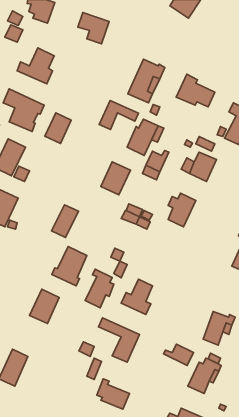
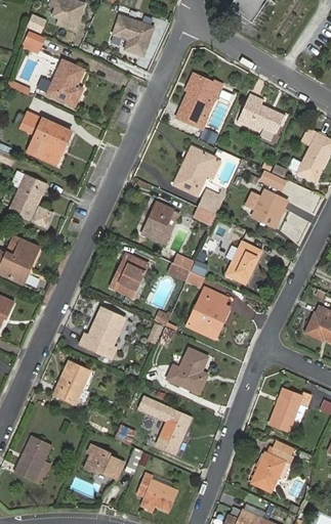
building: [99,100,138,130] -> none
building: [45,113,71,143] -> none
building: [51,205,78,238] -> [115,256,149,297]
building: [85,269,114,308] -> [193,289,229,337]
building: [163,344,193,366] -> none
building: none -> [85,445,124,475]

